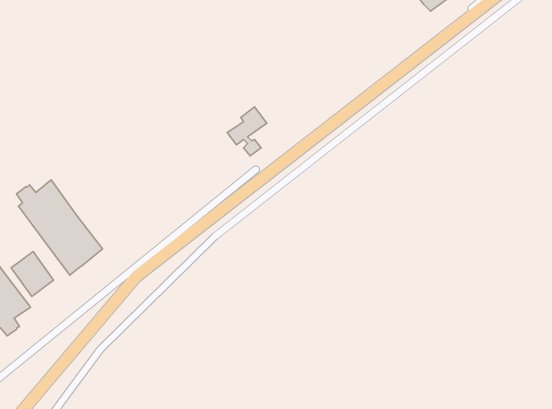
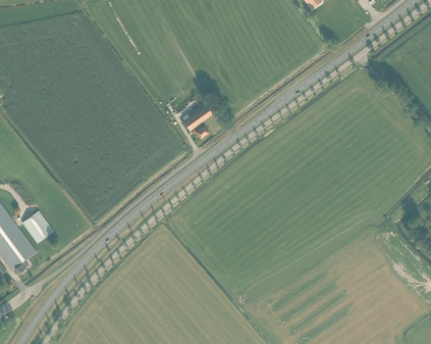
building: [17,180,102,275] -> none

